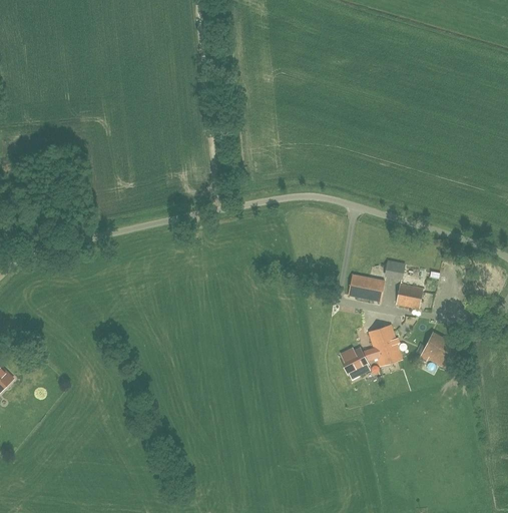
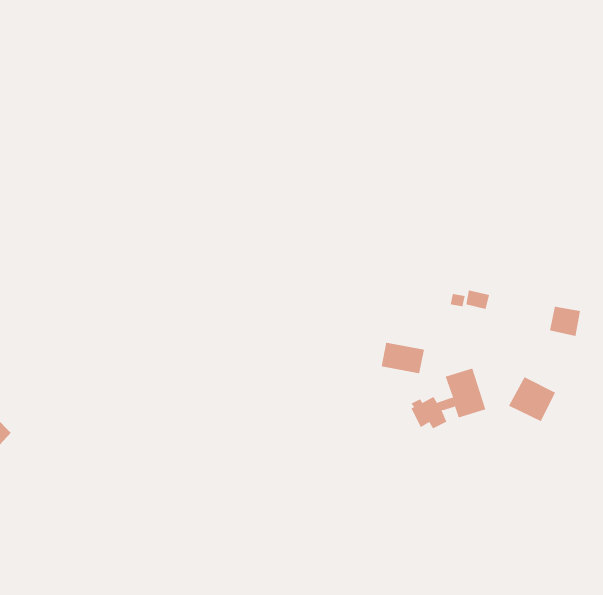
building: [348,275,384,301] -> [381,342,425,374]
building: [396,284,422,309] -> [549,306,581,337]

